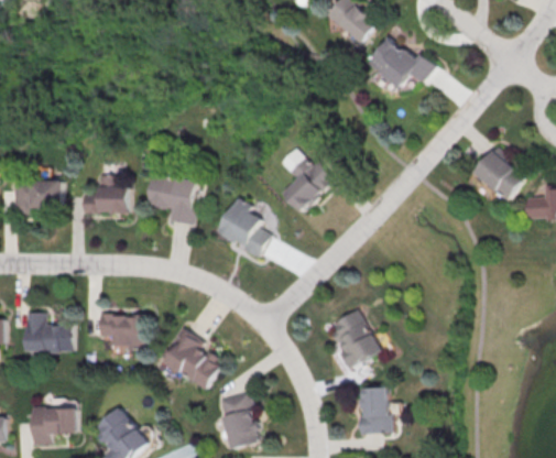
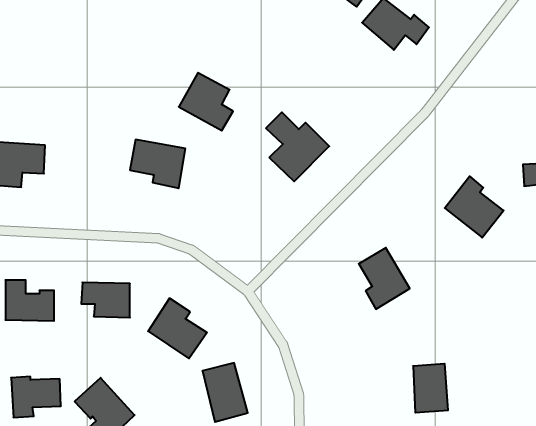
building: [472,144,530,204] -> [445,176,504,238]
building: [80,174,130,217] -> none
building: [217,197,270,253] -> [179,73,233,131]
building: [329,310,379,370] -> [359,248,410,309]
building: [356,385,390,433] -> [413,364,448,413]

